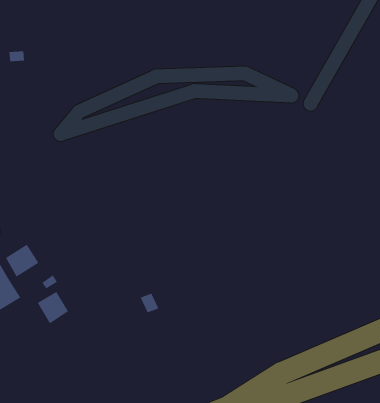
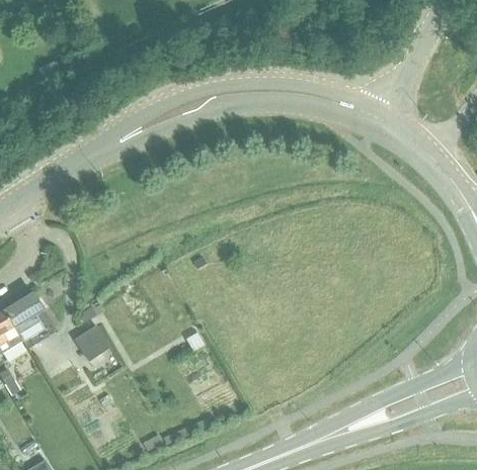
building: [5,244,39,278] -> none

